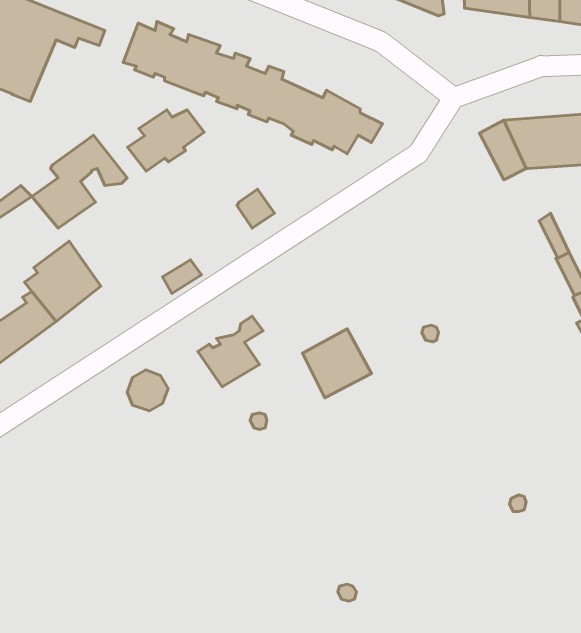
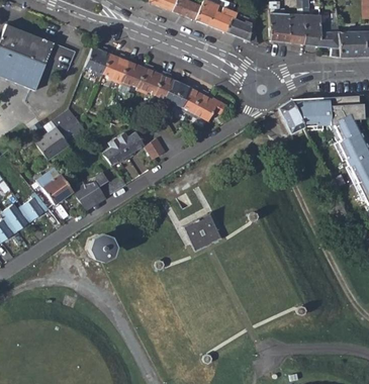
building: [128,110,204,171] -> [103,132,145,166]
building: [198,316,263,387] -> [74,172,109,210]

